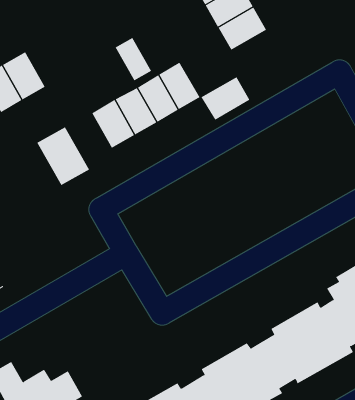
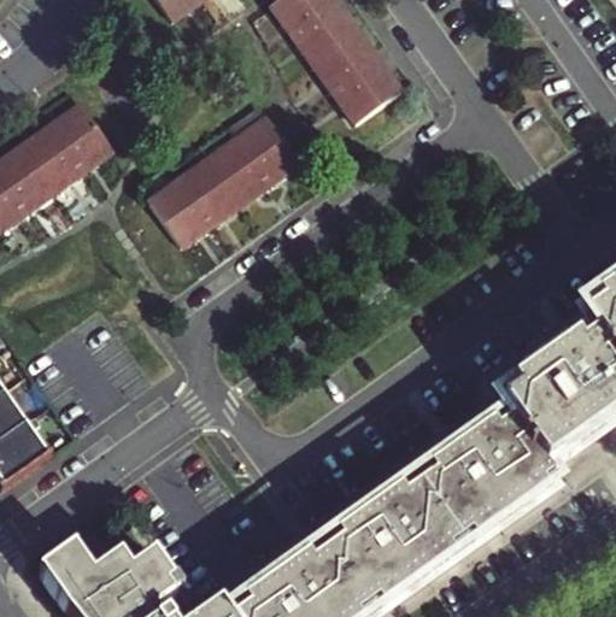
building: [115,37,152,81] -> none
building: none -> [48,102,110,169]
building: [201,77,250,121] -> [332,59,400,123]
building: [37,127,90,186] -> none

